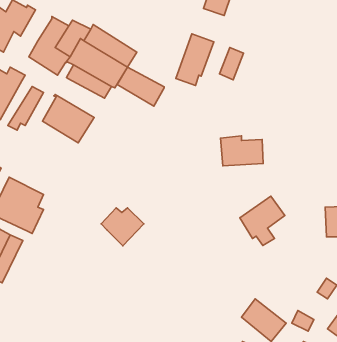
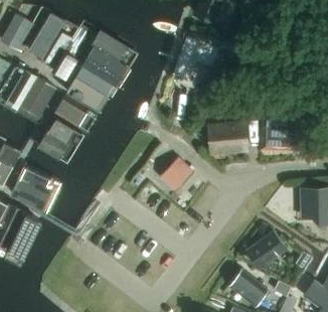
building: none -> [30,16,63,57]
building: [117,67,164,106] -> [68,76,110,111]
building: none -> [36,114,87,164]
building: none -> [265,121,294,147]
building: [240,196,285,245] -> [247,231,286,275]
building: [101,208,144,246] -> [156,159,193,192]

